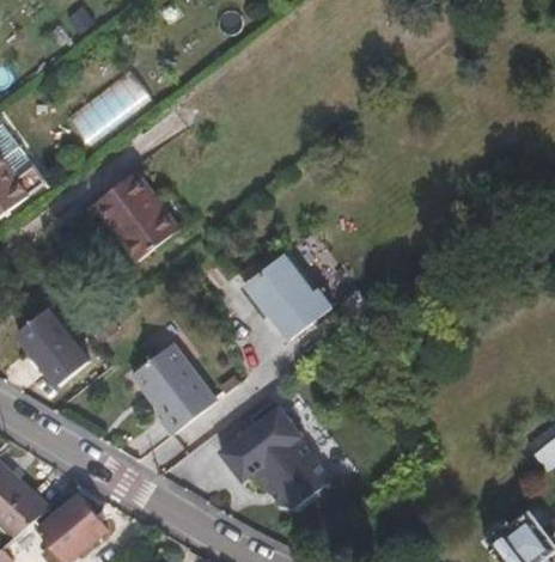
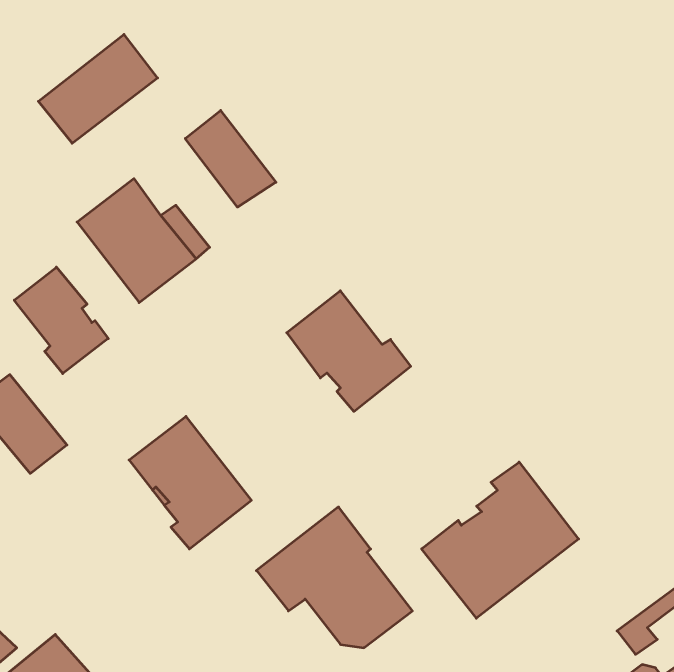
building: none -> [185,110,276,207]
building: none -> [14,267,108,374]
building: none -> [422,462,579,618]

